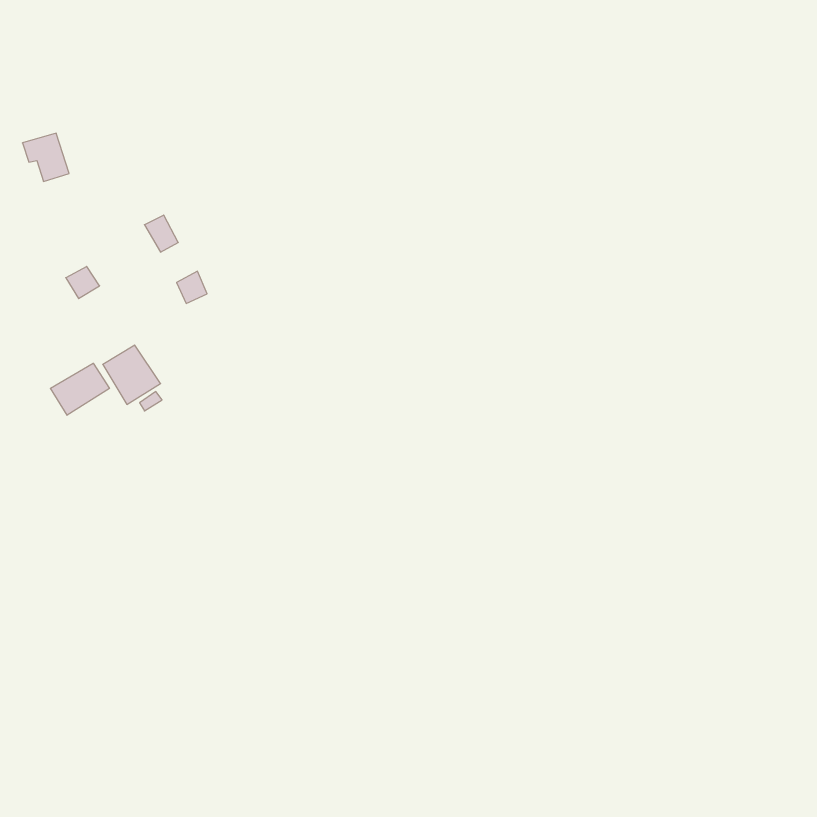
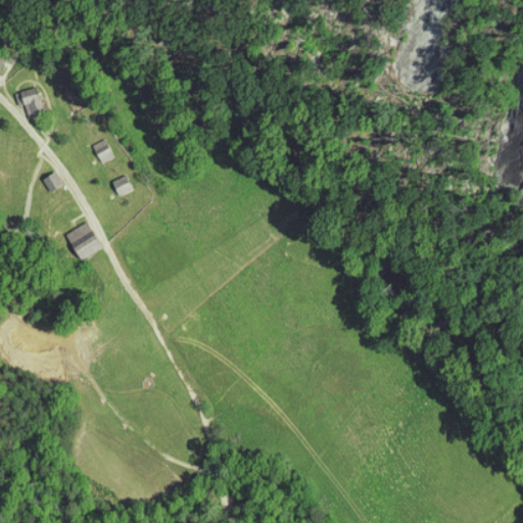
building: [50,363,109,415] -> none

